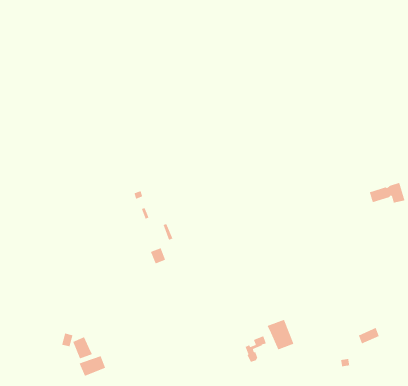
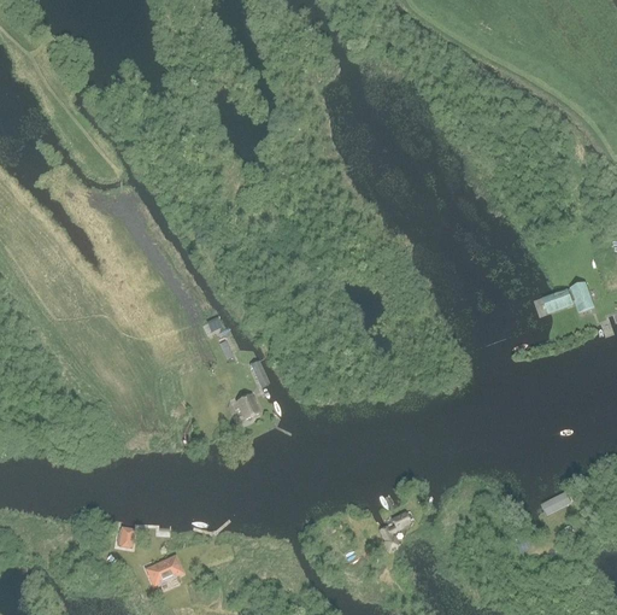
building: [267,319,294,351] -> none
building: [72,336,93,360] -> none

